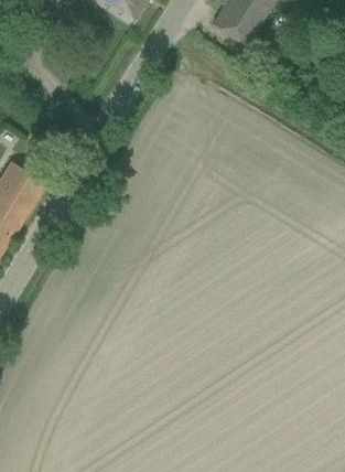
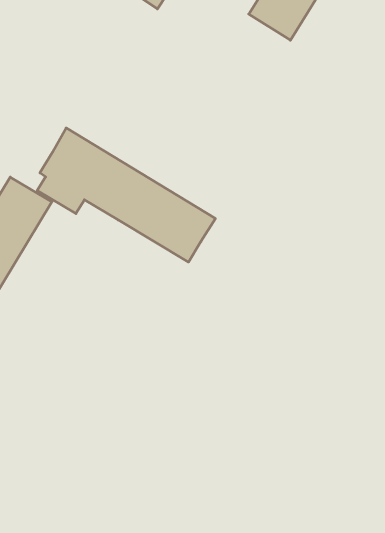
building: none -> [37,128,215,262]

